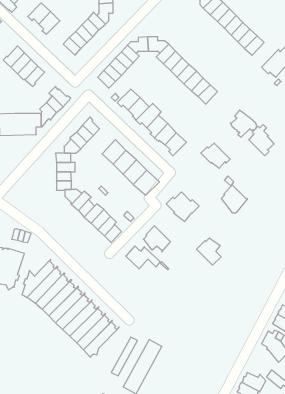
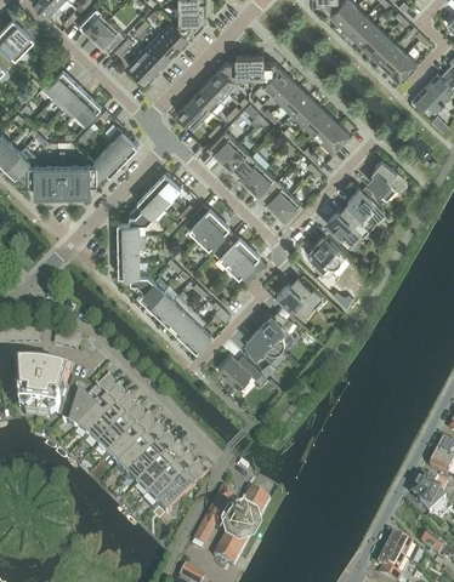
building: [249,125,274,156] -> [345,187,381,232]
building: [221,185,247,213] -> [307,236,345,276]
building: [197,238,221,265] -> [259,312,294,350]

